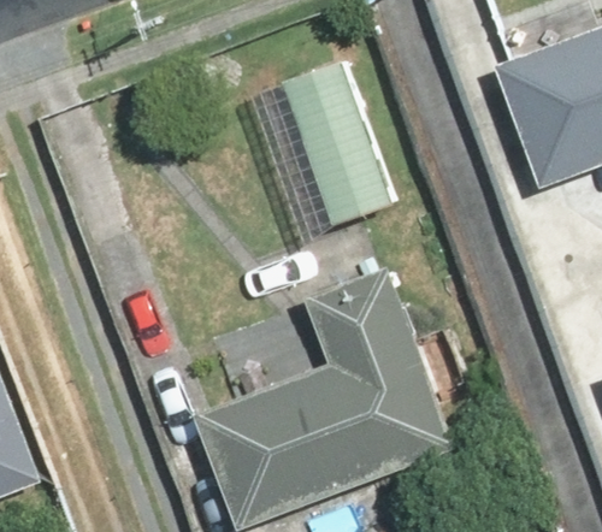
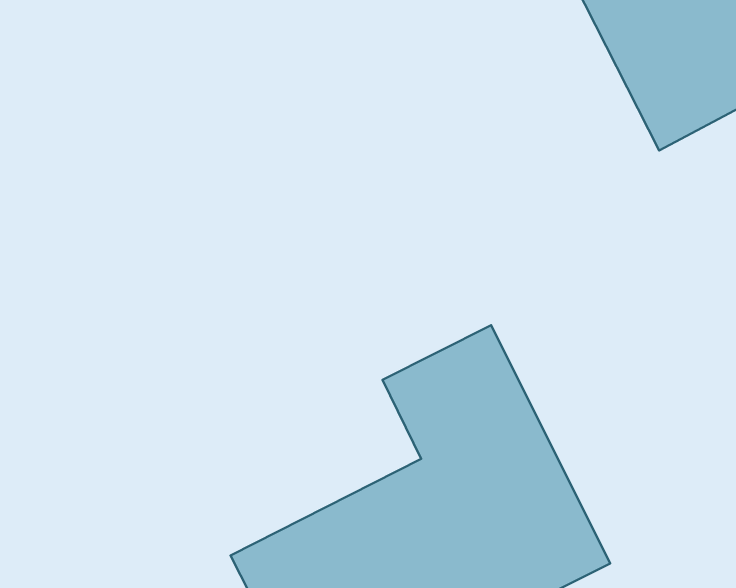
building: [258,54,402,238] -> none

